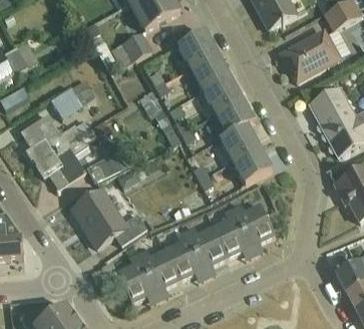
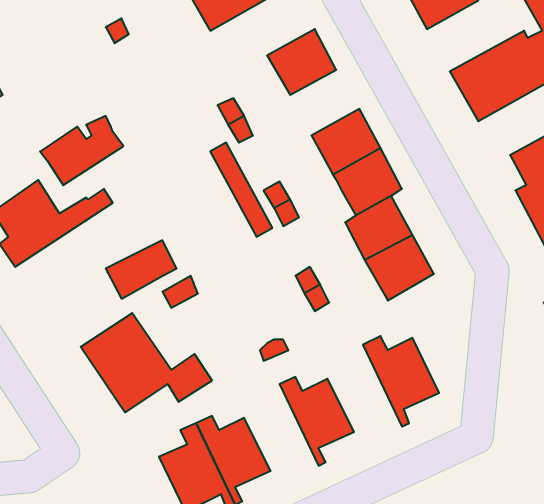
building: [110,32,150,67] -> none
building: [191,52,230,89] -> none
building: [35,127,95,189] -> none
building: [212,208,254,257] -> none
building: [164,230,207,279] -> none

